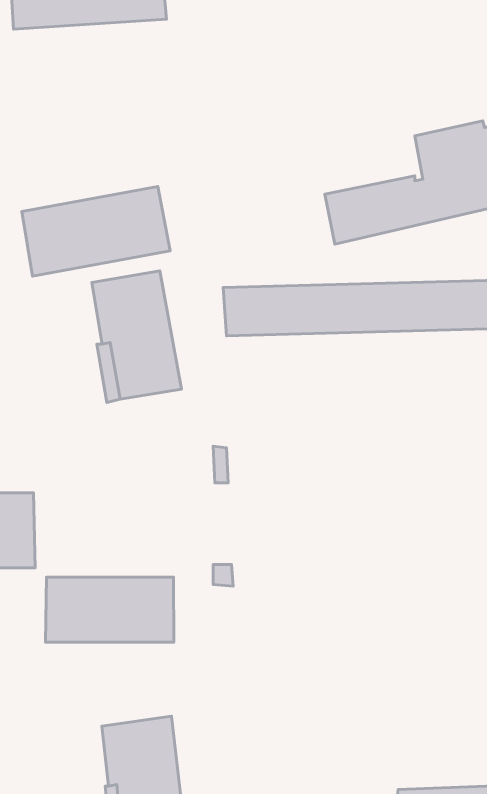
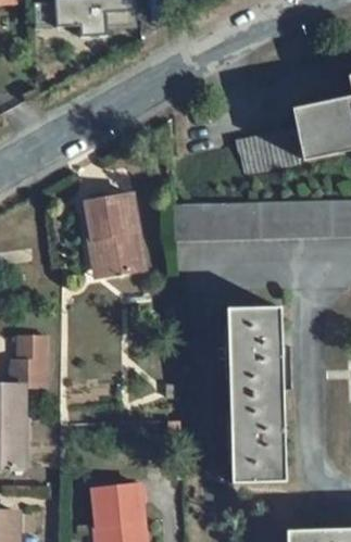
building: [22,187,170,276] -> none
building: none -> [226,307,286,483]
building: [45,577,174,642] -> none

